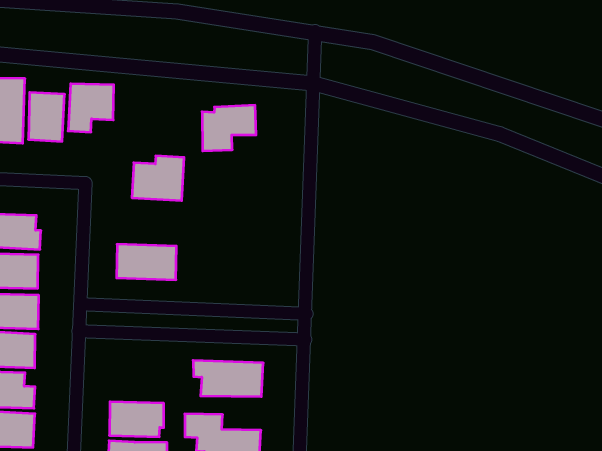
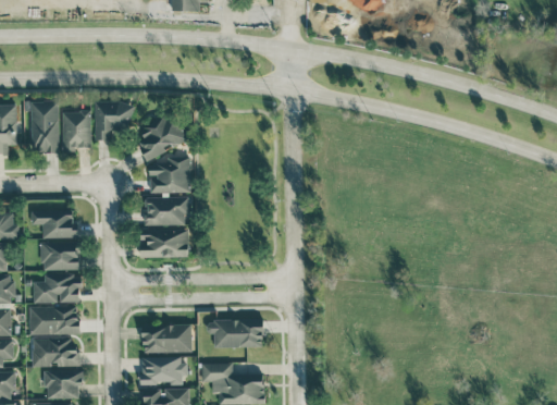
building: [202,105,256,151] -> [140,120,185,159]
building: none -> [144,197,189,226]
building: none -> [141,326,191,354]

